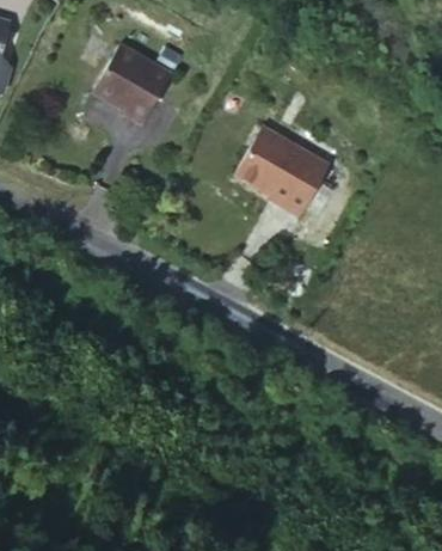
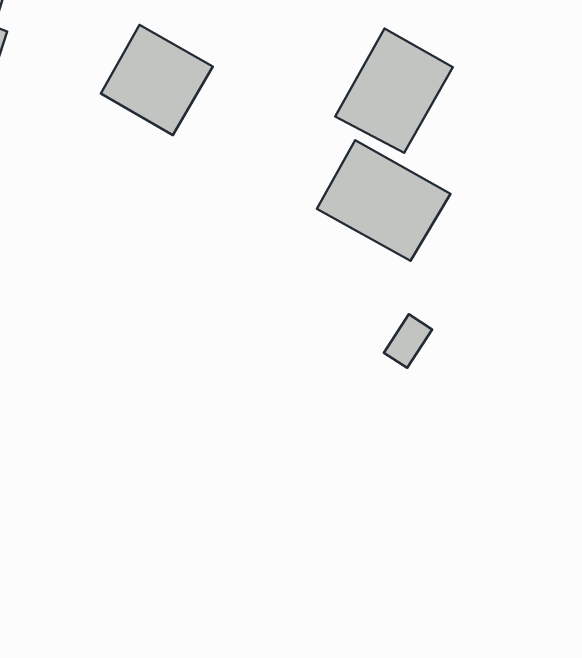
building: none -> [335,29,453,153]

